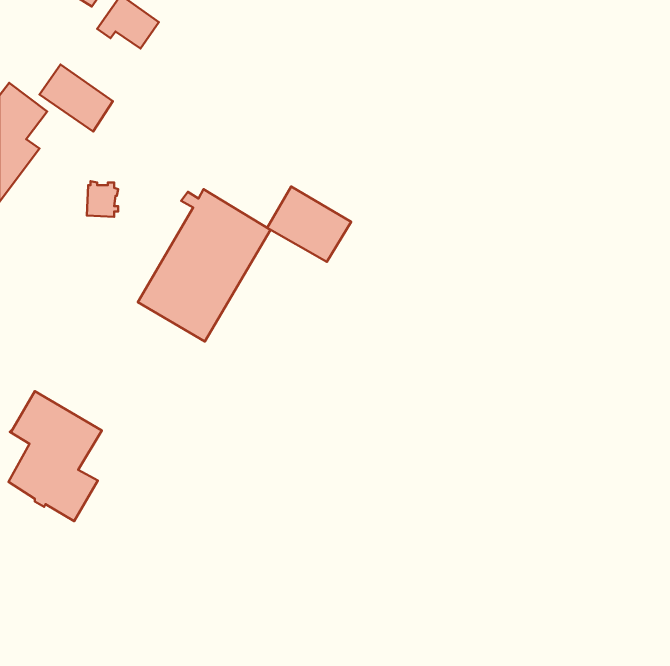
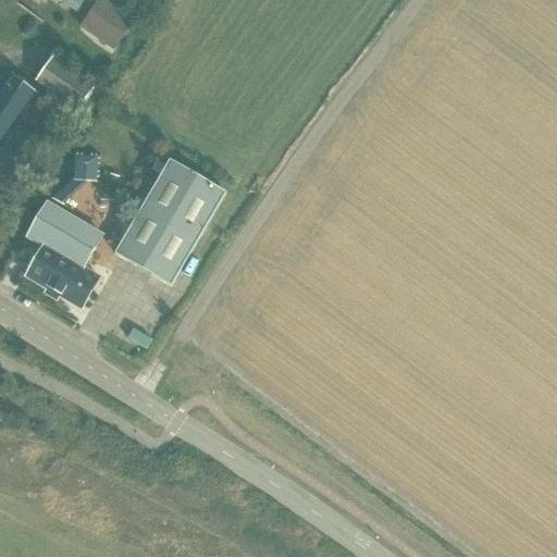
building: [267,187,351,262] -> none
building: [9,391,102,521] -> [25,199,102,307]

